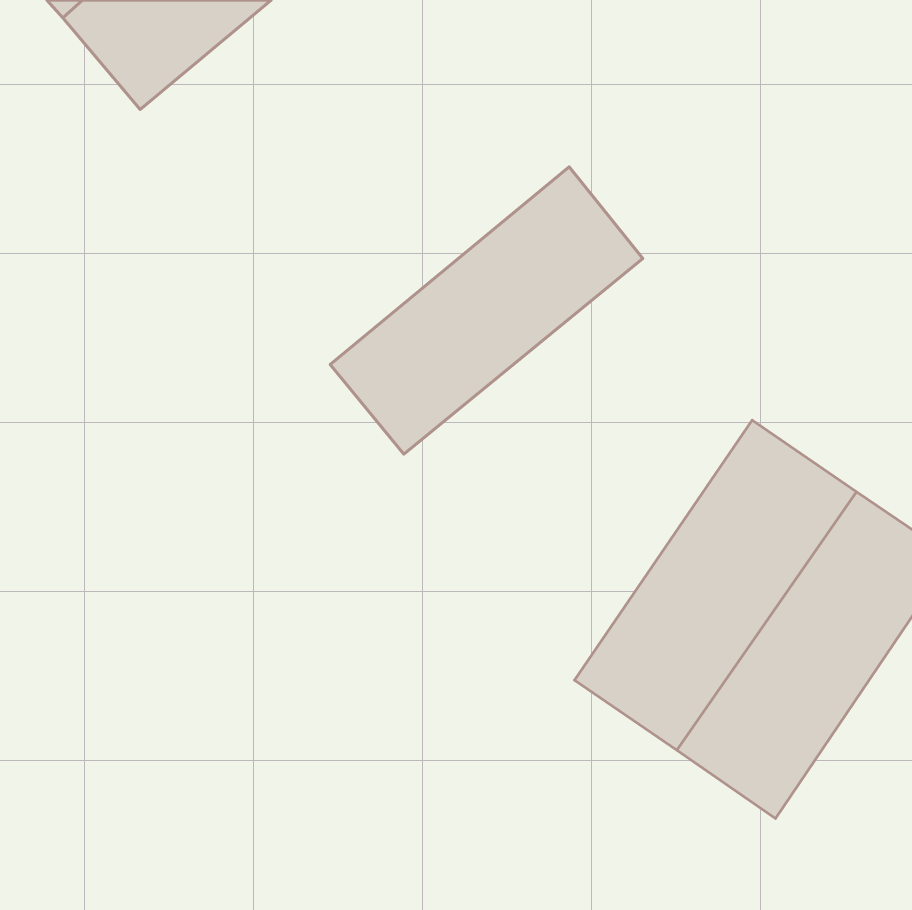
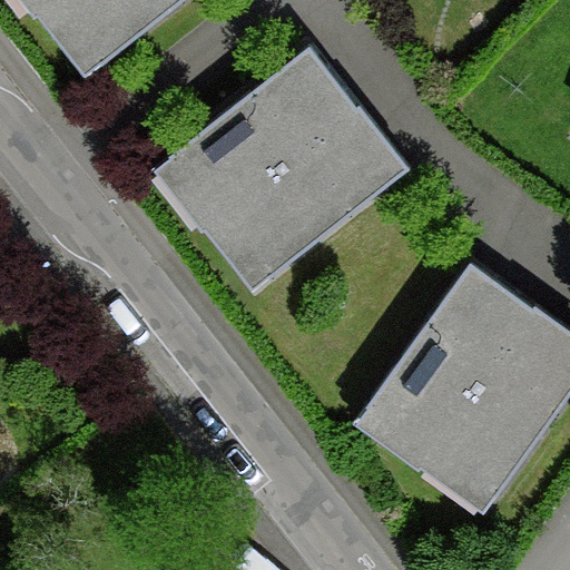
building: none -> [159,50,356,230]

